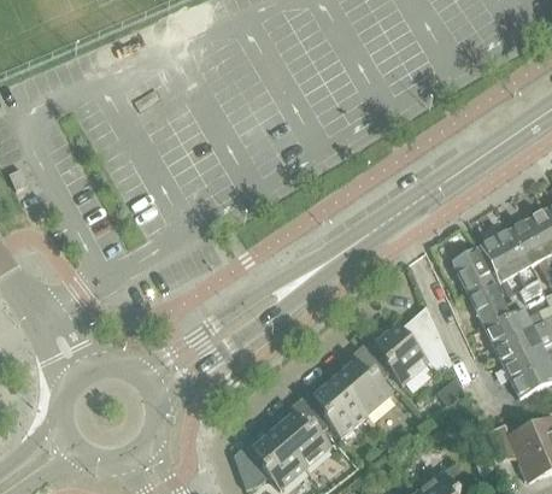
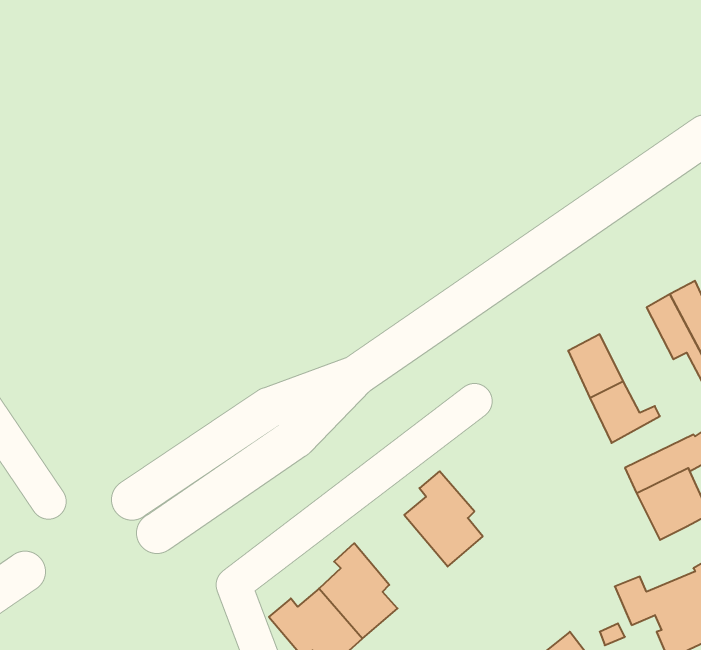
building: [478,229,535,293] -> none
building: [359,307,451,384] -> none
building: [483,307,542,345] -> none
building: [298,378,365,437] -> none

